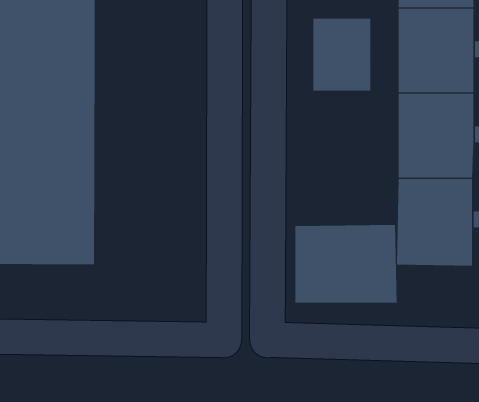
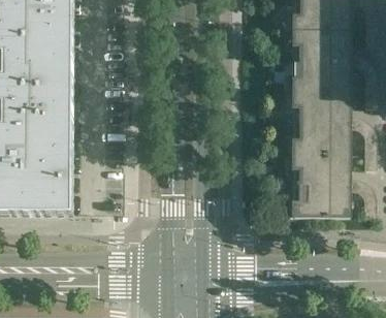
building: [313,18,371,92] -> none
building: [295,224,397,303] -> none

